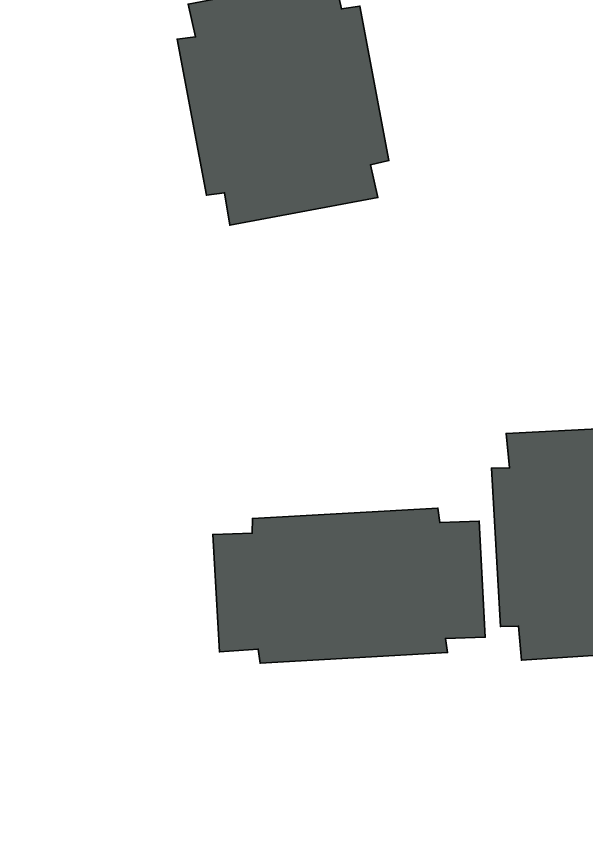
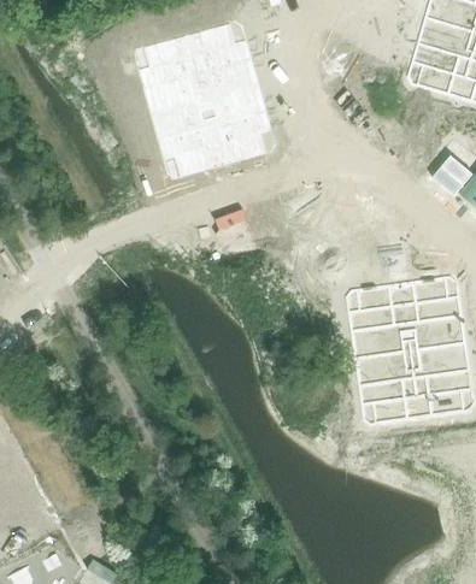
building: [213,508,485,663] -> none

